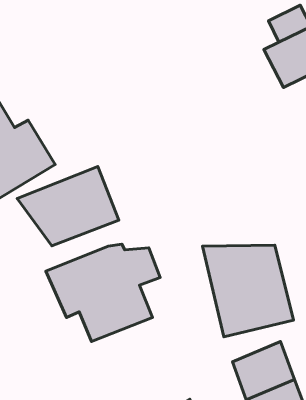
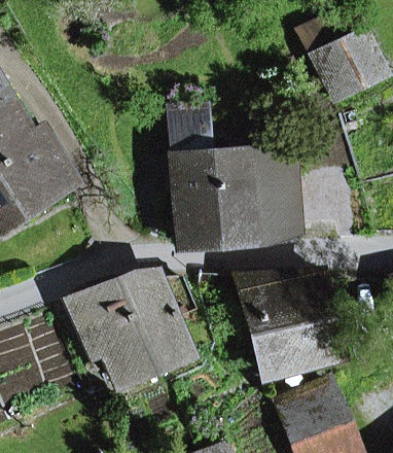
building: none -> [172,111,294,246]
building: [17,166,119,246] -> none

